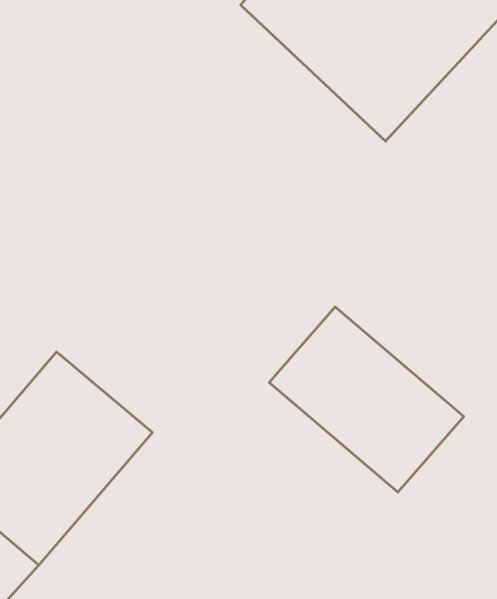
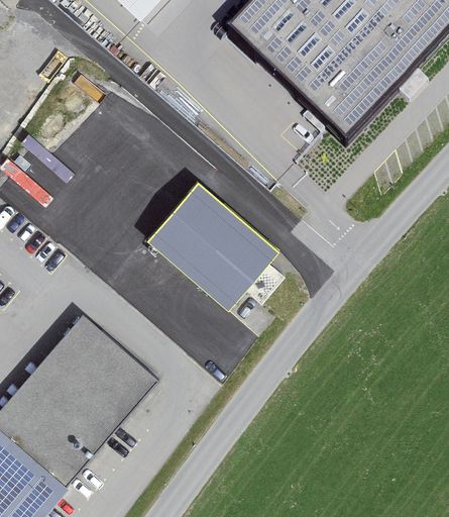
building: none -> [146,178,278,307]
building: [269,307,464,492] -> none

